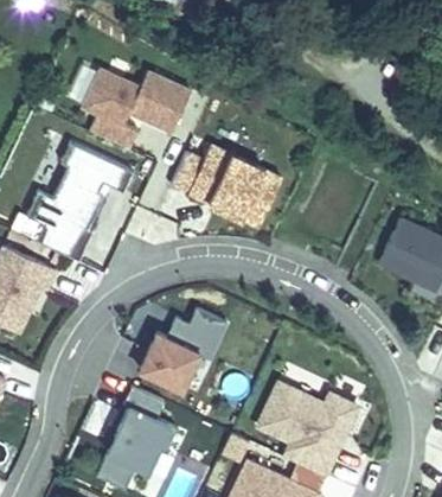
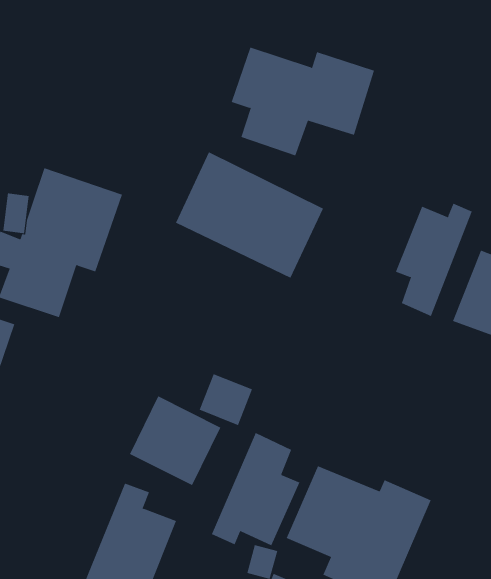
building: [84,70,192,152] -> [231,47,375,156]
building: none -> [395,203,473,317]
building: none -> [211,432,300,546]

